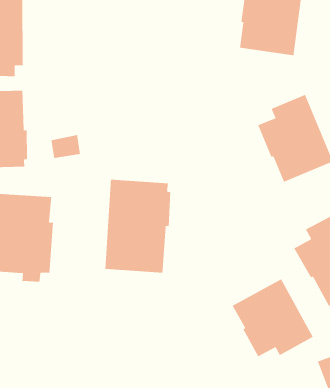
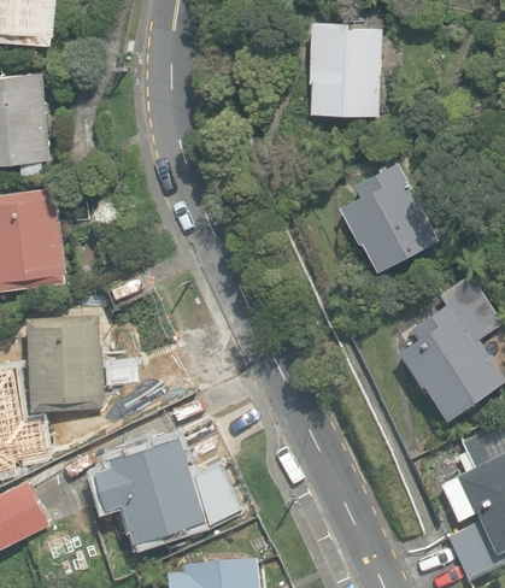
building: [105,179,171,273] -> none
building: [232,278,314,358] -> none
building: none -> [96,437,204,541]

